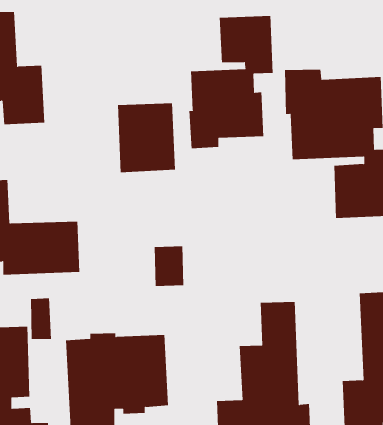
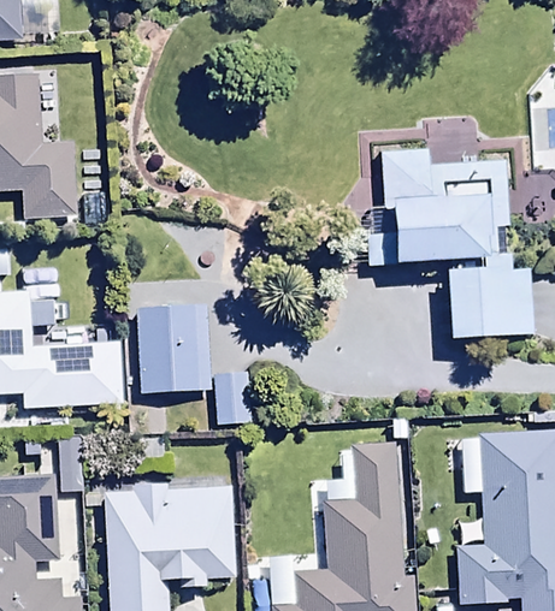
building: [189,15,273,149] -> none
building: [117,103,176,173] -> [136,304,211,393]

